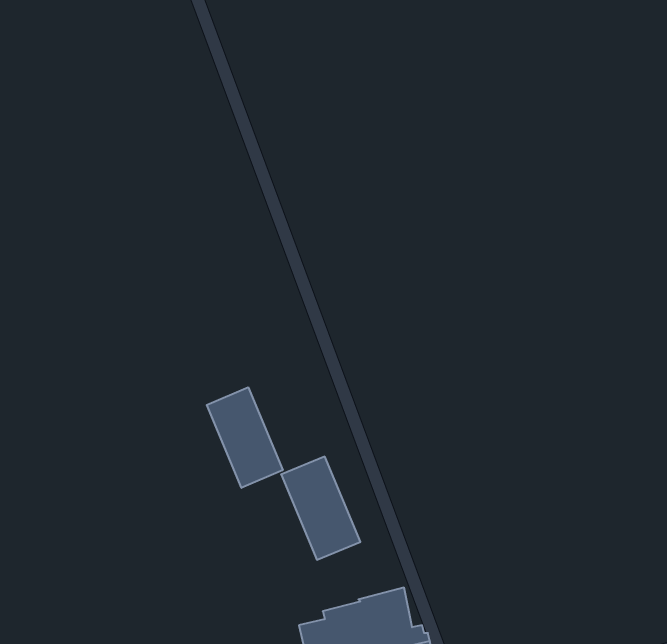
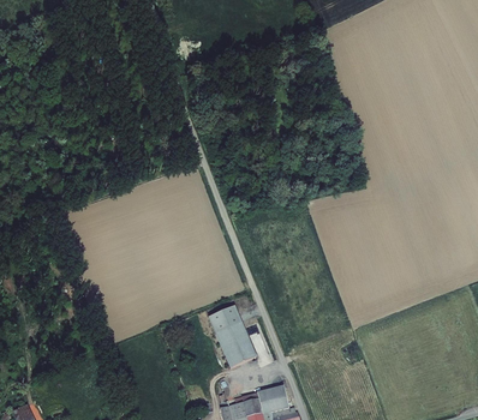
building: [207,387,283,488] -> none

